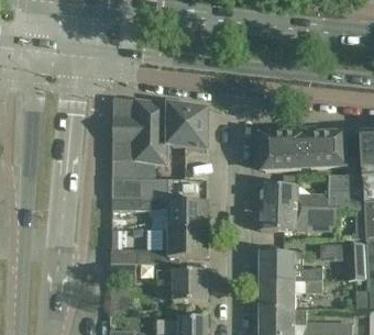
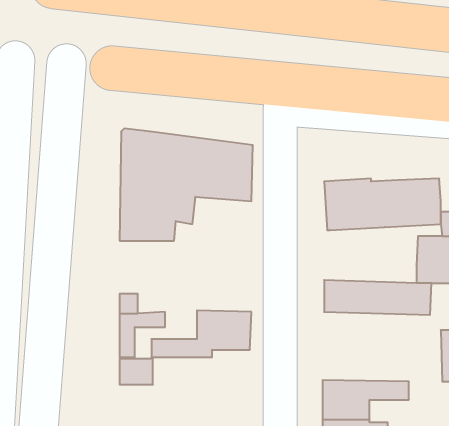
building: [111,177,207,228] -> none
building: [260,183,327,208] -> none
building: [258,250,321,279] -> none
building: [156,269,206,300] -> none

